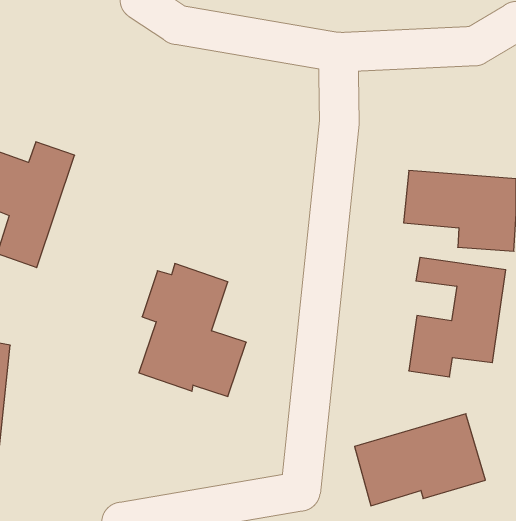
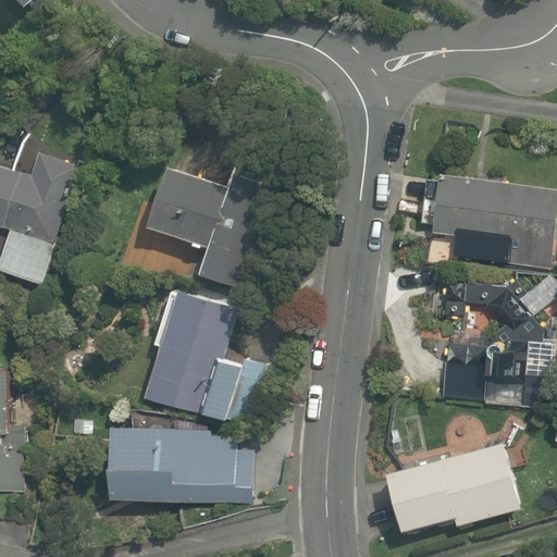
building: none -> [152,161,277,286]
building: none -> [116,424,250,503]

